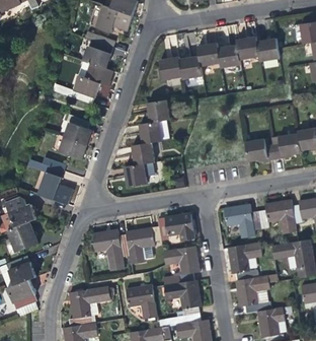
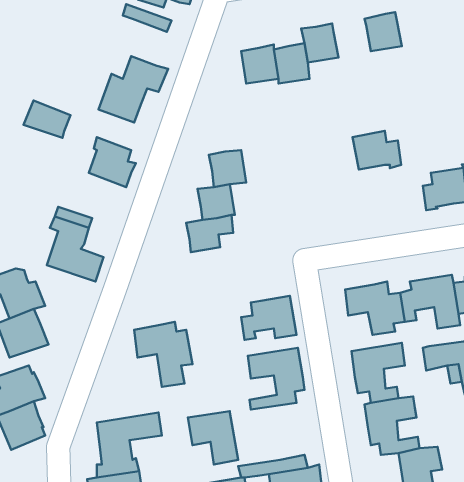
building: [256,38,280,62] -> none
building: [82,40,112,69] -> none
building: [217,44,240,68] -> none
building: [146,100,170,123] -> none
building: [58,136,87,159] -> [24,100,71,138]
building: [244,138,274,162] -> [352,131,401,170]
building: [125,226,161,264] -> none
building: [165,279,200,316] -> none

